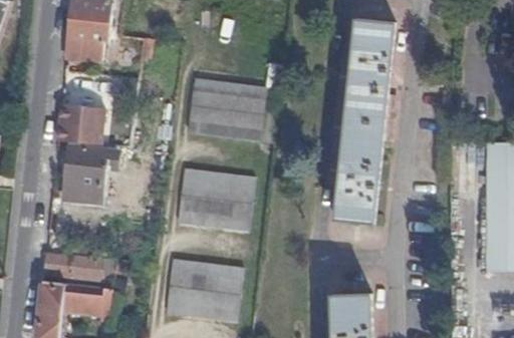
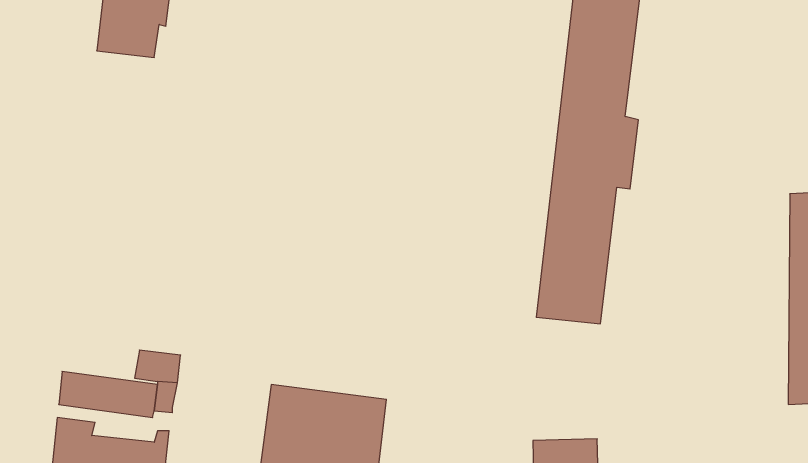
building: [189,79,266,139] -> none
building: [56,101,105,143] -> none
building: [56,144,116,201] -> none
building: [177,167,255,231] -> none

